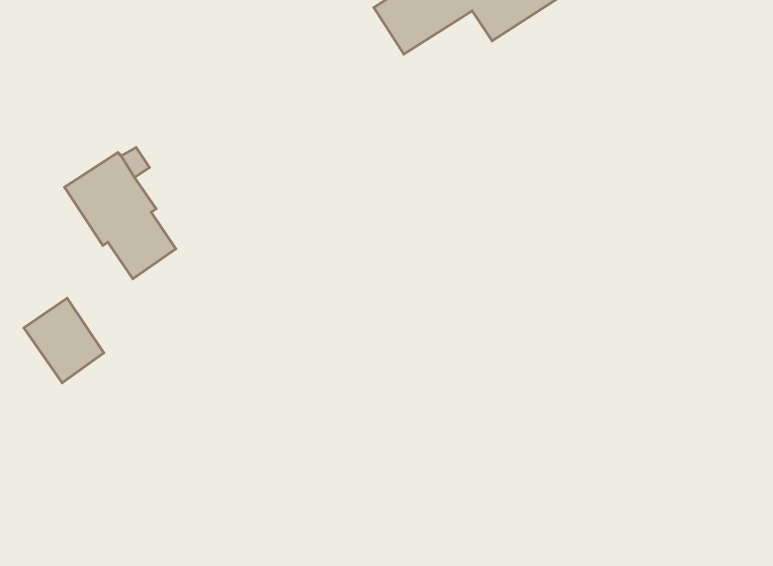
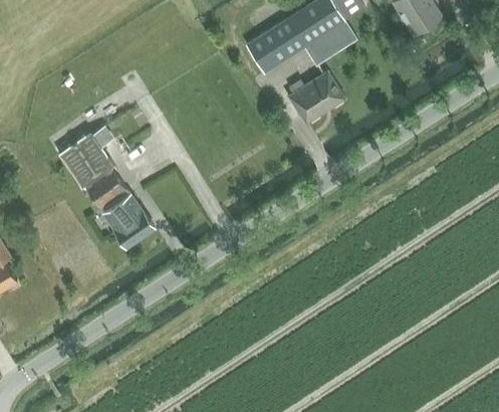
building: none -> [289,72,345,124]
building: [24,298,104,383] -> [104,196,153,247]

